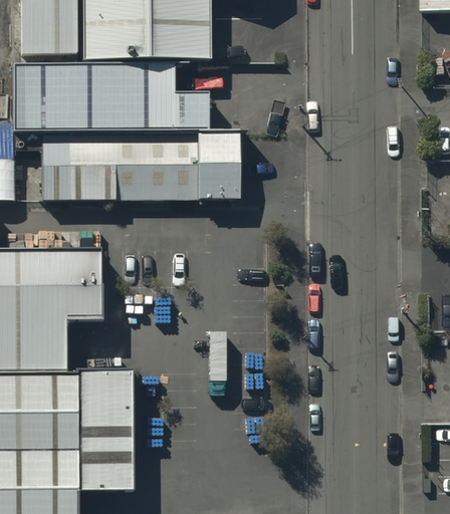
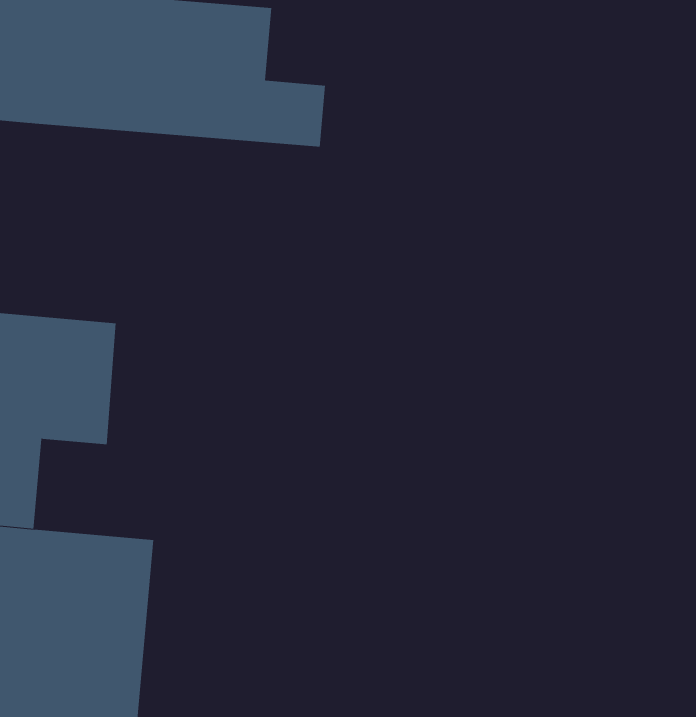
building: [42,138,239,201] -> none

